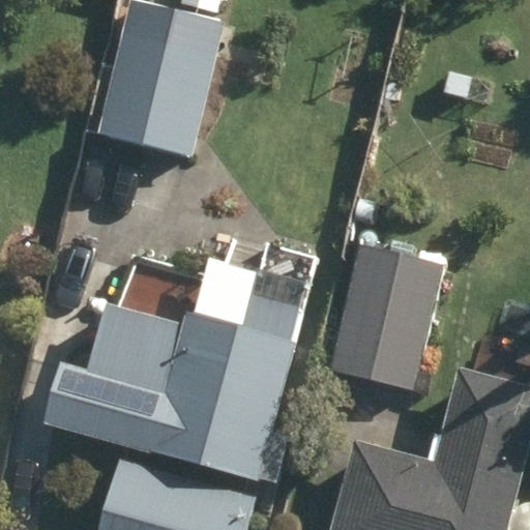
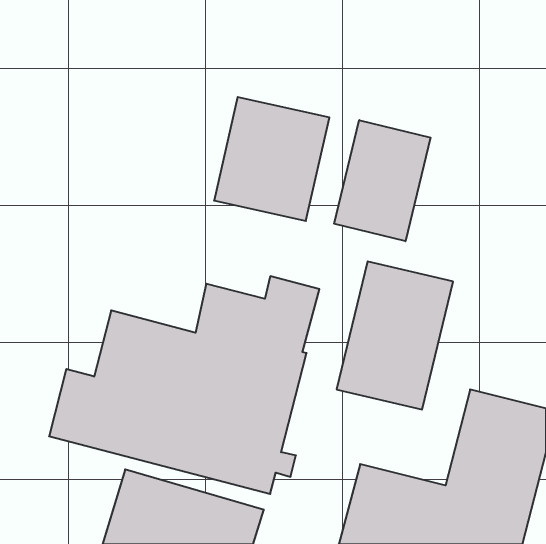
building: [99,45,211,165] -> [214,97,329,221]
building: none -> [334,120,431,241]

